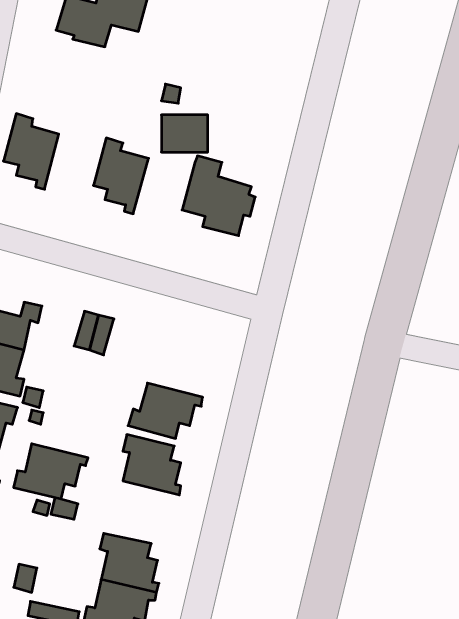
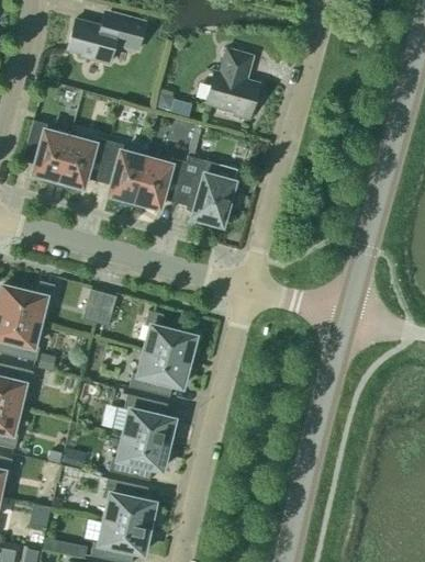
building: none -> [206,47,260,125]
building: none -> [58,137,111,187]
building: none -> [134,158,187,207]
building: none -> [146,310,195,362]
building: [14,444,88,499] -> [110,434,174,481]

